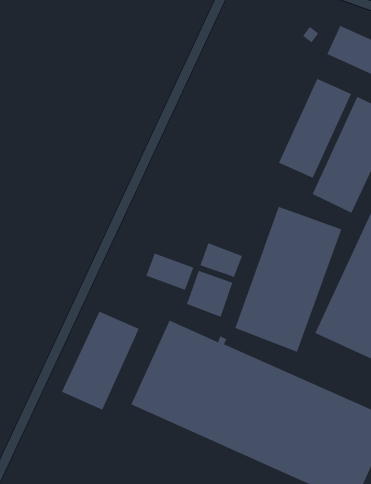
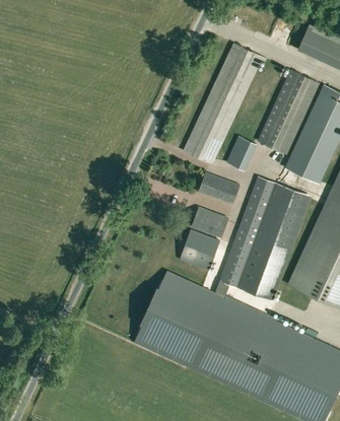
building: none -> [183,43,262,163]
building: none -> [226,135,256,169]
building: [146,253,194,290] -> [198,172,239,204]
building: [61,311,140,411] -> none

